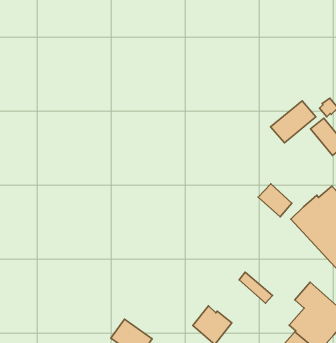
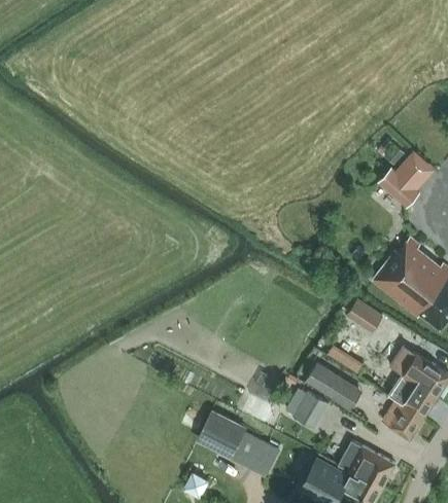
building: [271,101,316,143] -> none
building: [258,184,292,217] -> [345,297,382,331]
building: none -> [305,362,361,408]

